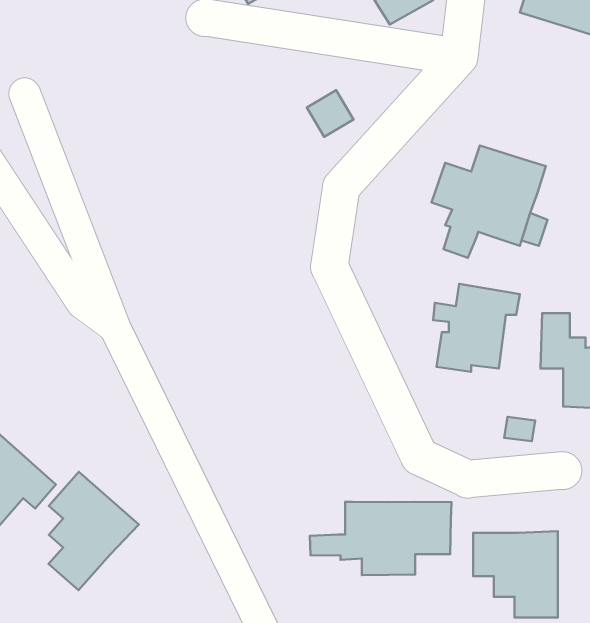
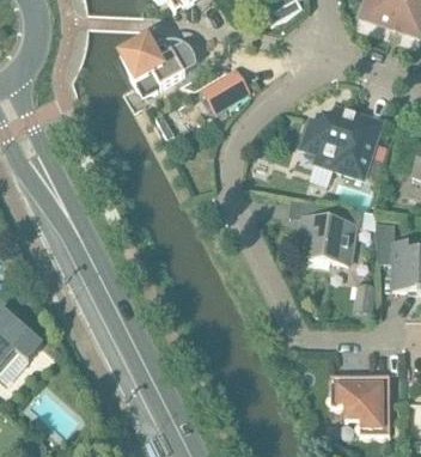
building: none -> [120,41,195,96]
building: [49,472,139,590] -> none
building: [310,502,451,575] -> none

